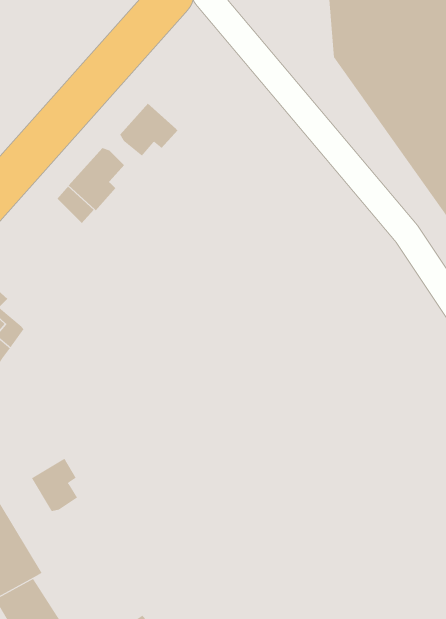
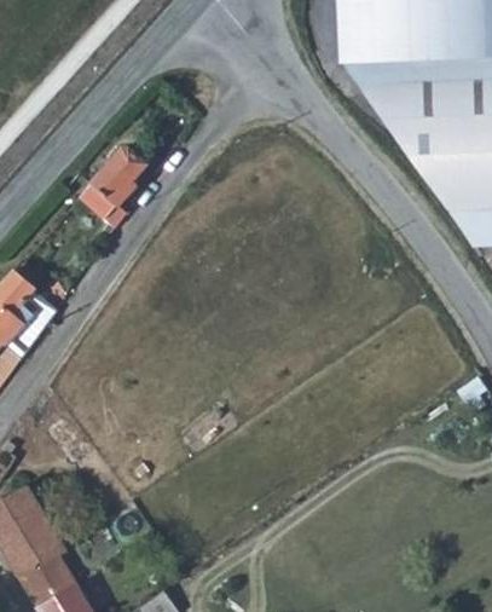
building: [120,103,178,157] -> none
building: [31,458,78,512] -> none

